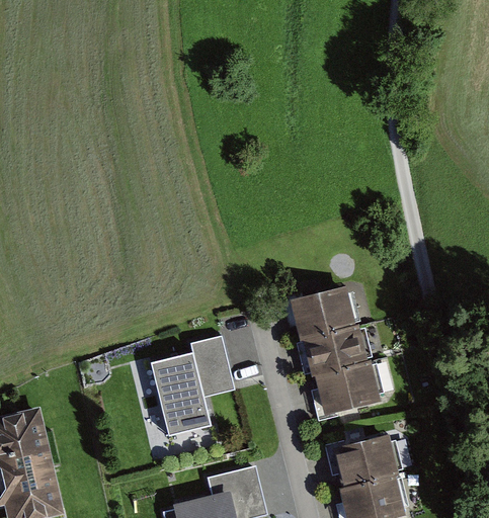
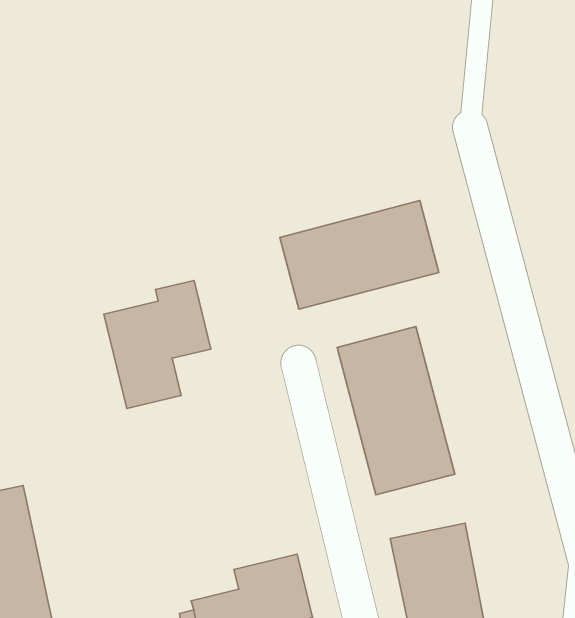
building: none -> [280,201,439,309]
building: [151,336,235,436] -> [104,281,211,408]

